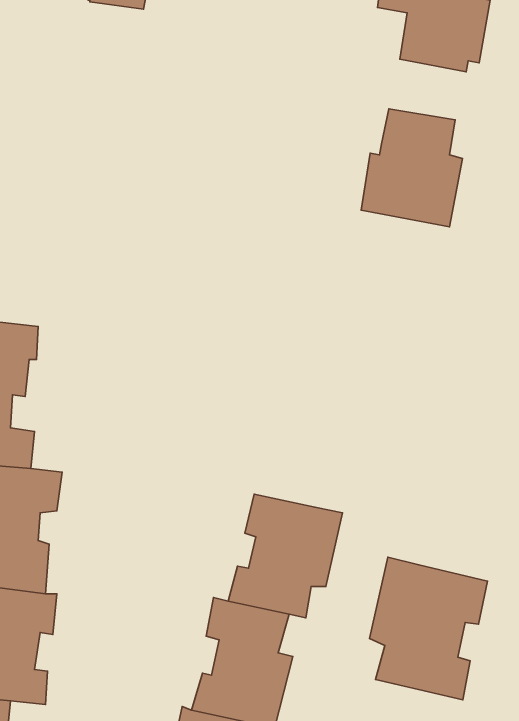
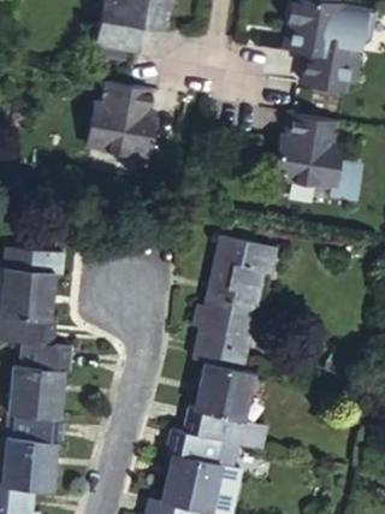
building: none -> [82,79,154,156]
building: none -> [190,240,272,371]
building: [370,557,488,700] -> none

